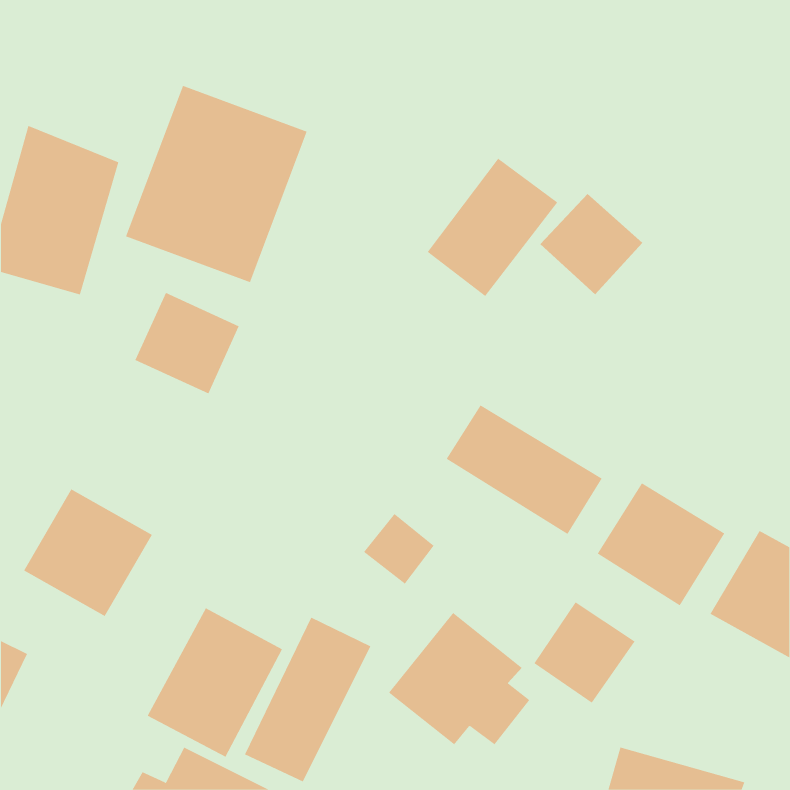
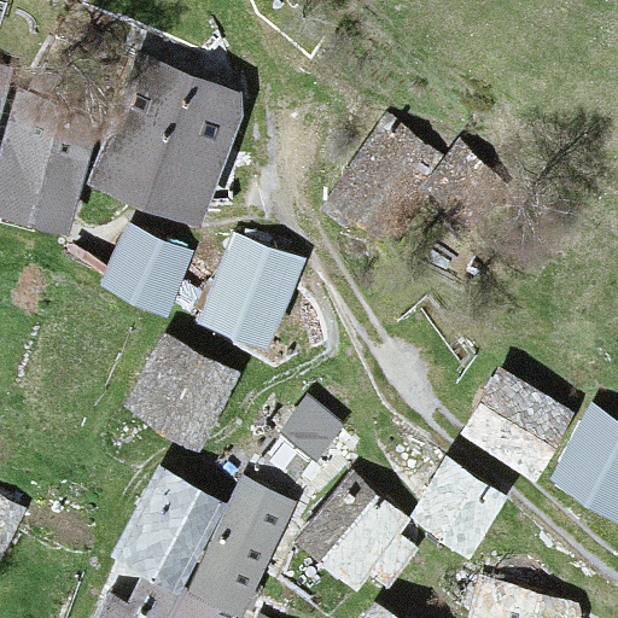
building: none -> [204,240,296,343]
building: [446,405,603,535] -> none
building: [23,489,153,617] -> [130,340,232,441]

